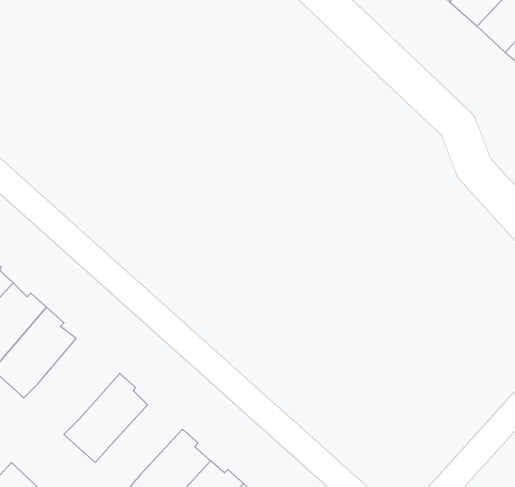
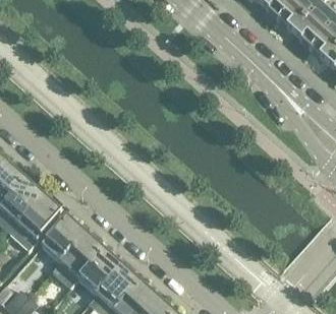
building: none -> [42,221,85,261]
building: none -> [78,253,121,294]

